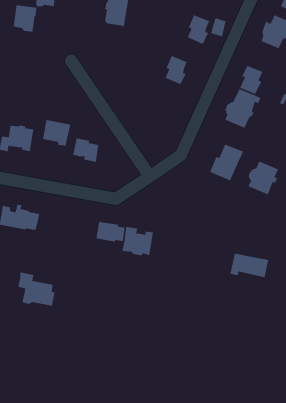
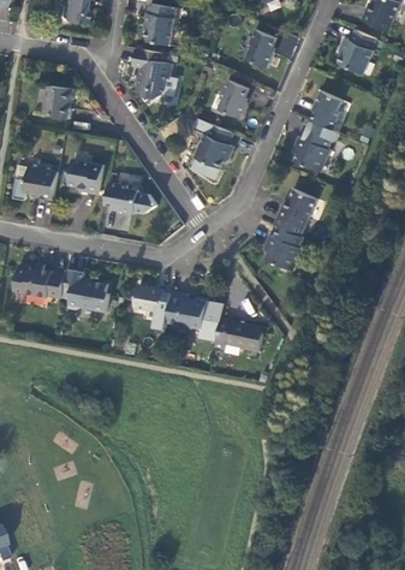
building: [13,4,37,33] -> [43,85,73,120]
building: none -> [132,49,178,102]
building: none -> [196,124,233,168]
building: [247,160,279,195] -> [263,227,303,271]
building: [229,253,269,278] -> [214,320,263,351]
building: [18,272,55,307] -> [62,269,109,313]

